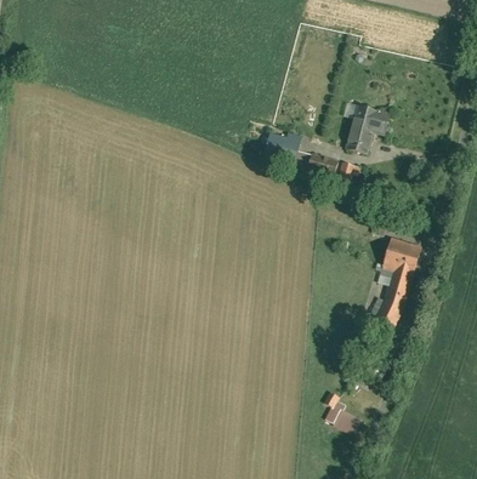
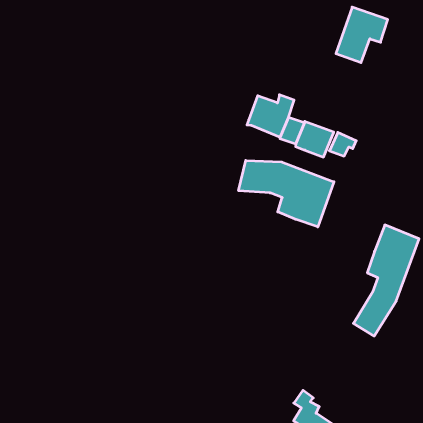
building: [345,102,388,150] -> [336,7,388,63]
building: none -> [239,160,334,227]

